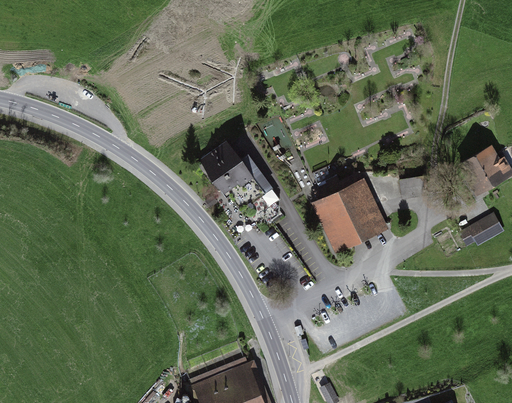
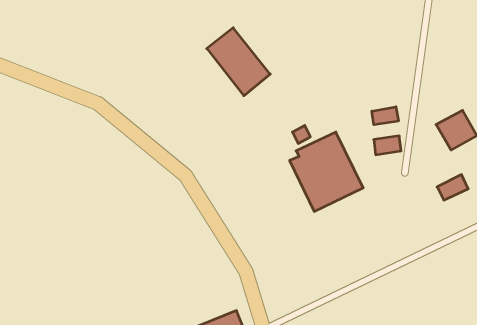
building: [204,138,271,210] -> [207,28,270,96]
building: none -> [372,107,398,125]

